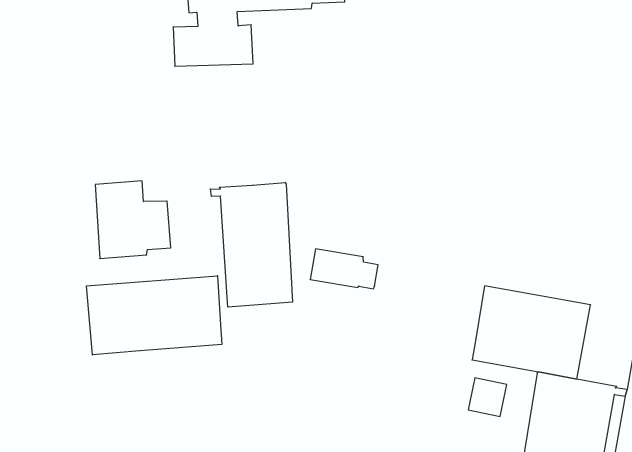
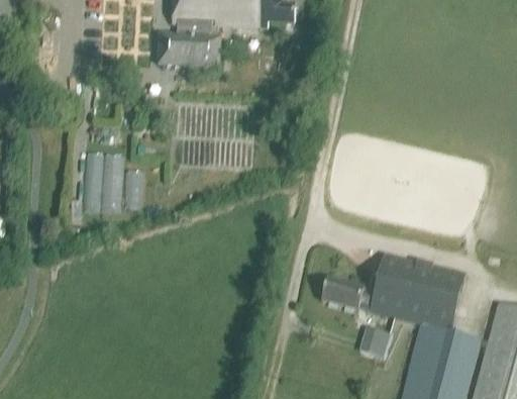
building: [210,182,293,307] -> none
building: [310,249,378,289] -> [321,276,375,310]
building: [87,276,222,355] -> none

